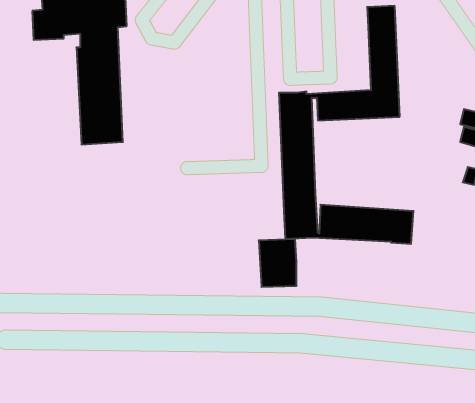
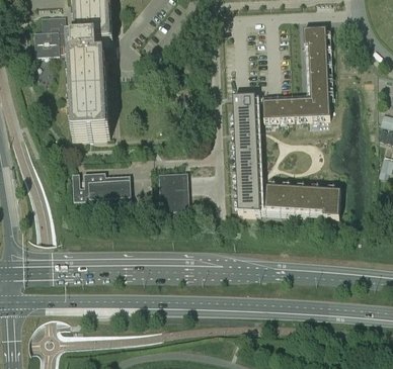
building: none -> [72,171,131,203]
building: [259,239,297,287] -> [158,172,188,210]

